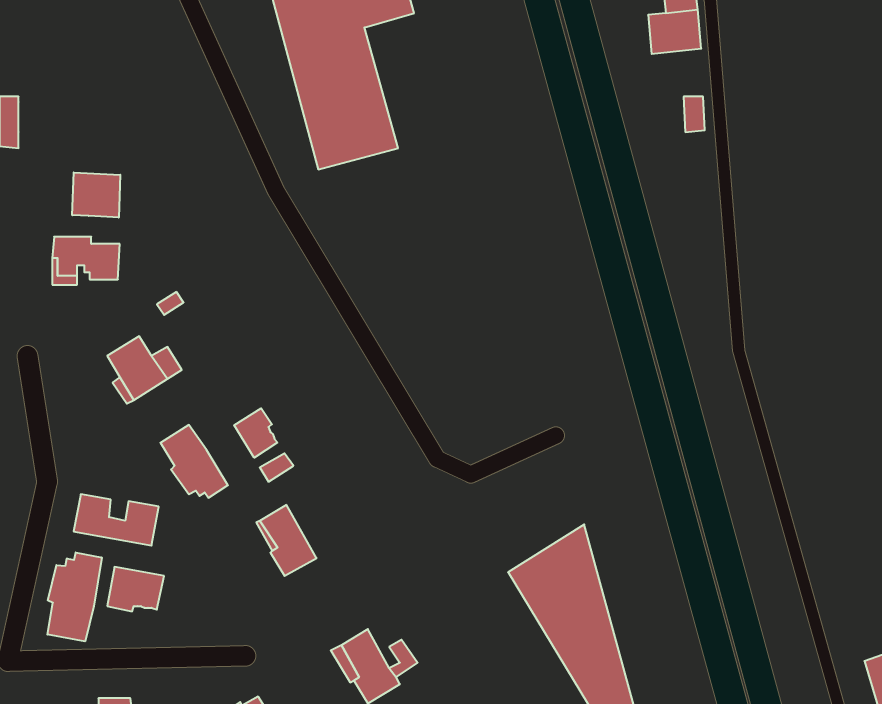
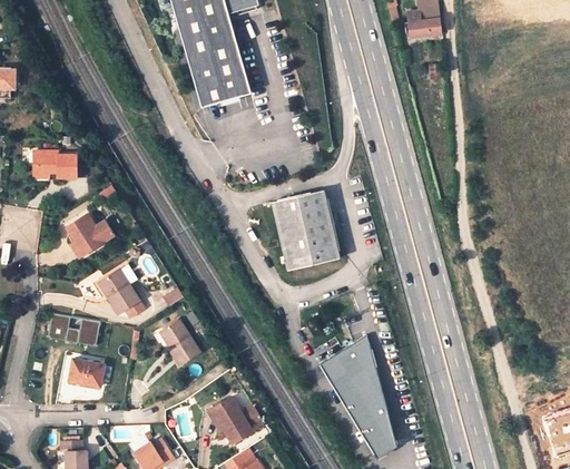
building: [72,172,120,218] -> none
building: none -> [273,190,340,270]
building: [234,408,277,458] -> none
building: [47,552,102,641] -> none

